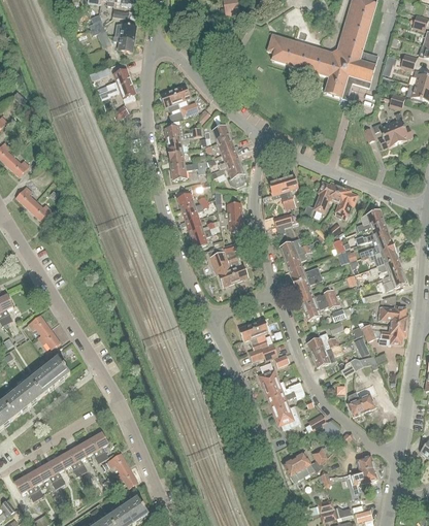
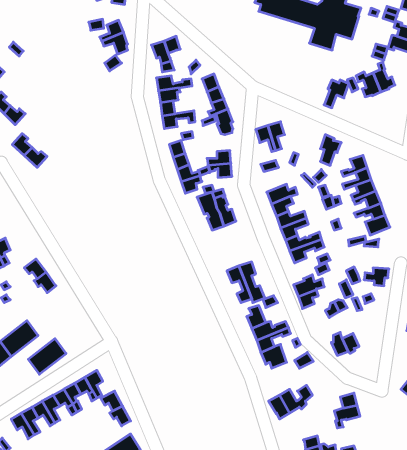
building: [315,183,340,211] -> [324,80,349,108]
building: [378,306,407,326] -> none
building: [31,358,70,395] -> [28,339,66,374]

